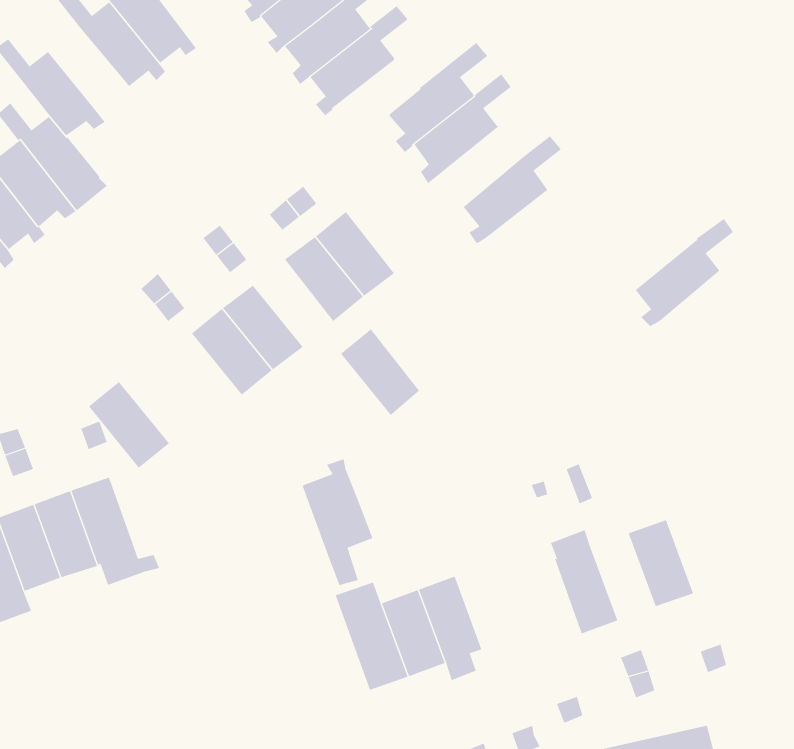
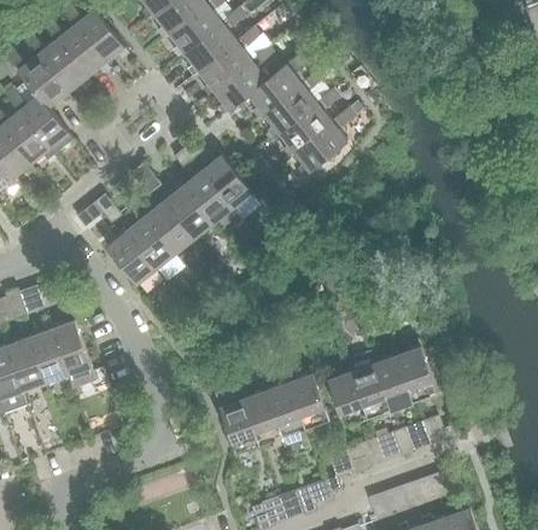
building: none -> [22,31,90,93]
building: none -> [212,46,274,115]
building: [635,218,734,327] -> [277,88,339,156]
building: [340,329,420,416] -> [163,185,212,239]
building: [88,381,170,468] -> [105,231,156,285]
building: [302,458,373,586] -> none
building: none -> [373,355,413,409]
building: none -> [327,371,367,426]
building: none -> [288,373,328,427]

